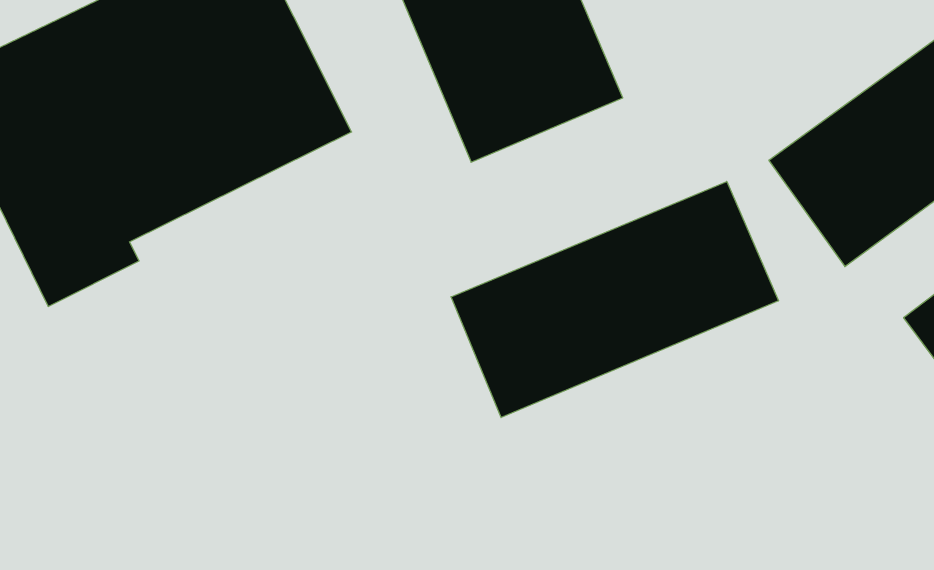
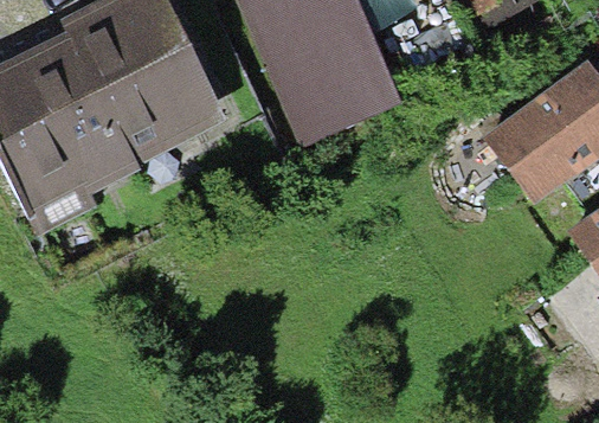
building: [451,181,778,418] -> none

